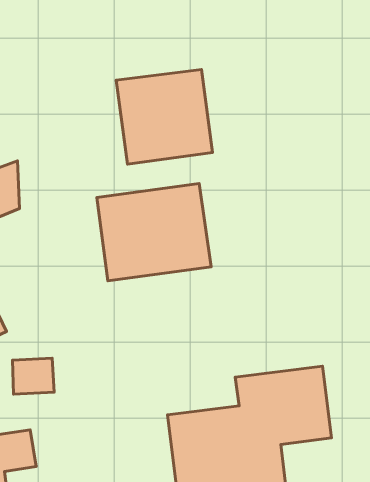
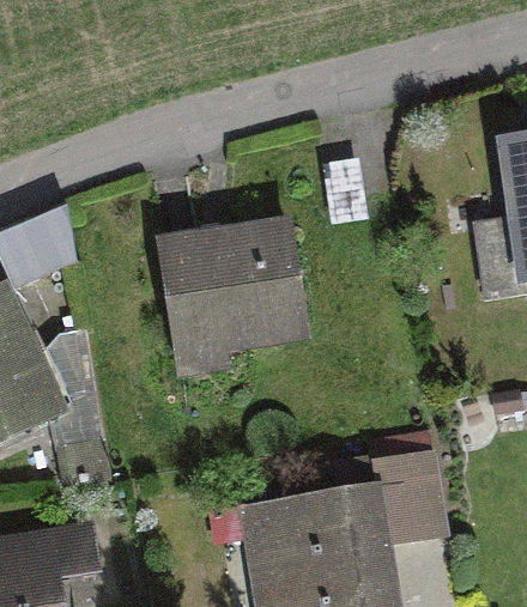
building: [116,69,213,164] -> none

